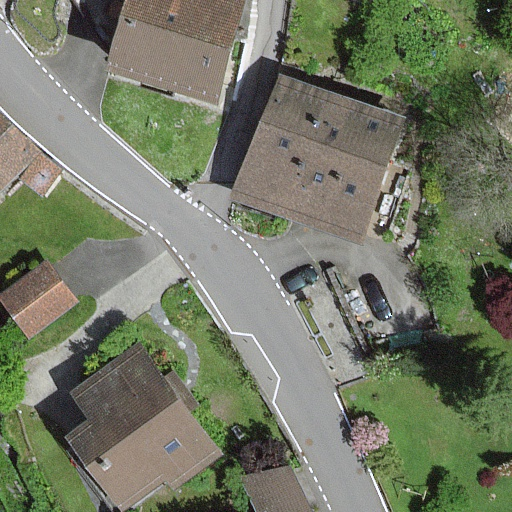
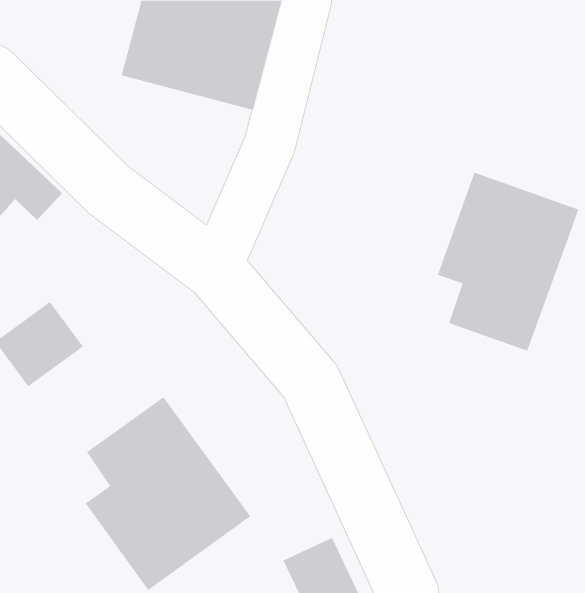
building: [234,74,403,239] -> none
building: none -> [437,172,579,351]

